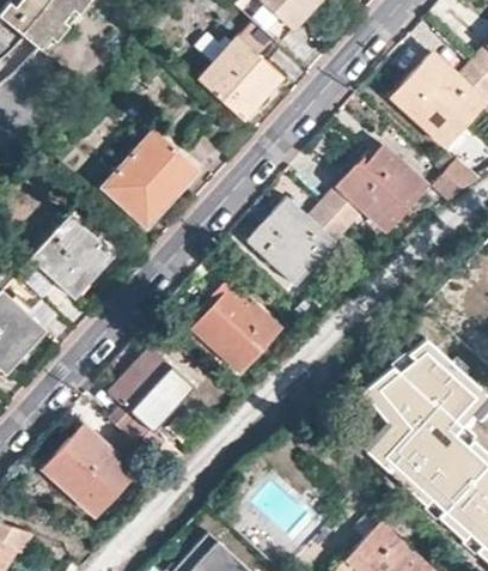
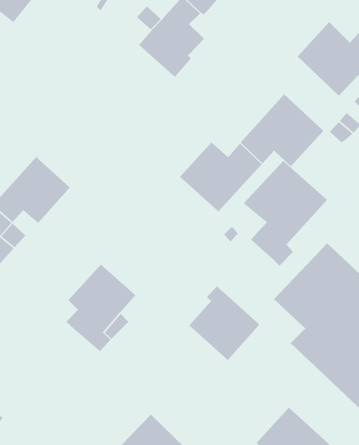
building: [102,130,199,227] -> none
building: none -> [243,160,328,267]
building: [193,281,280,373] -> [189,285,260,361]
building: [42,425,150,516] -> none

